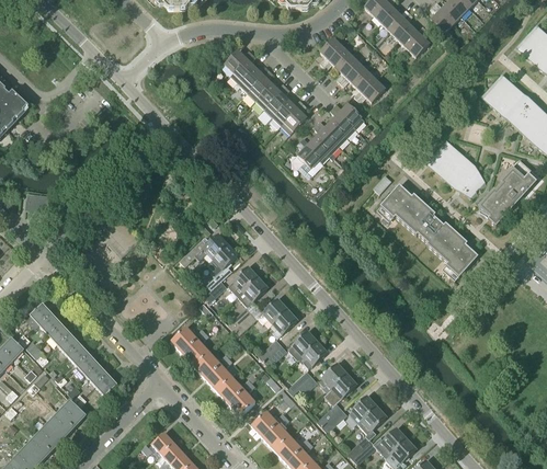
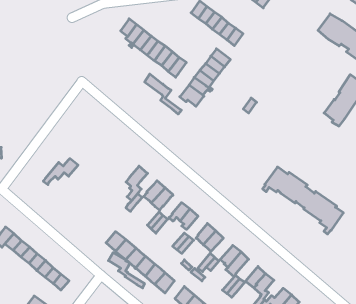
building: none -> [145,74,181,114]
building: [429,142,486,197] -> none
building: [376,184,478,281] -> [263,167,343,234]
building: [179,234,227,265] -> [43,159,78,185]
building: none -> [108,253,144,288]

